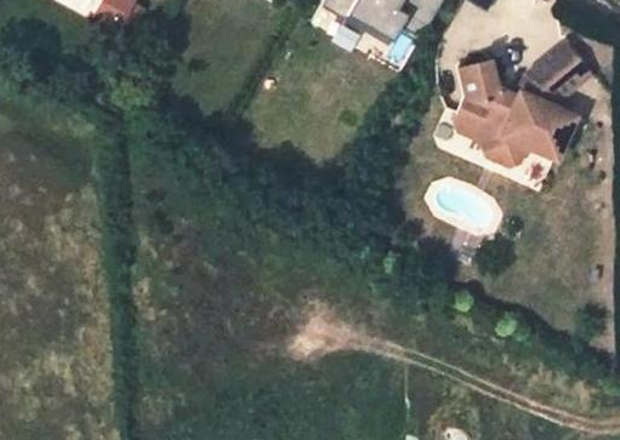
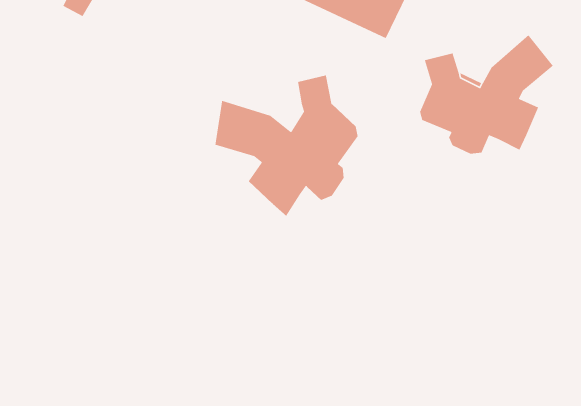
building: none -> [214,75,359,217]

